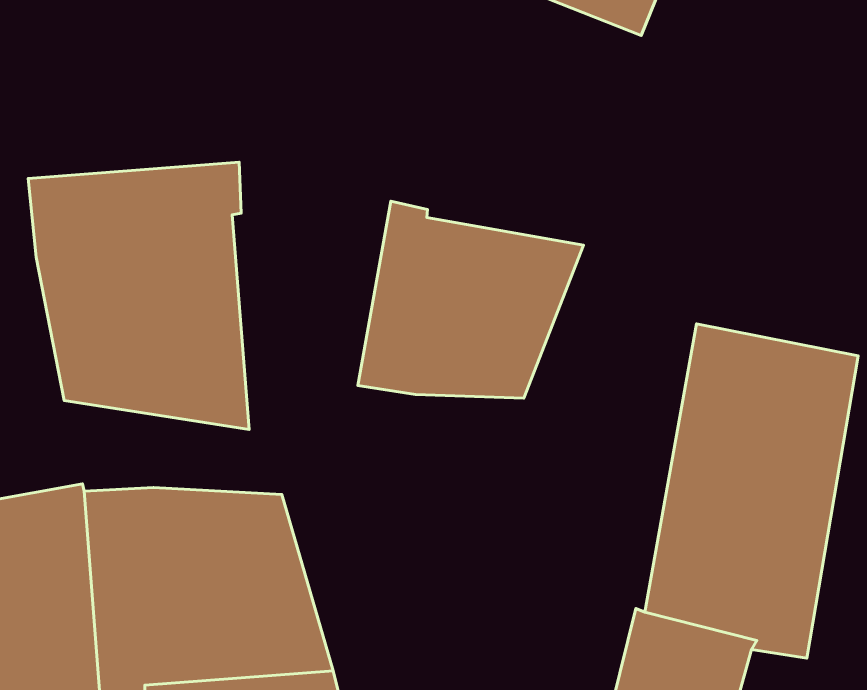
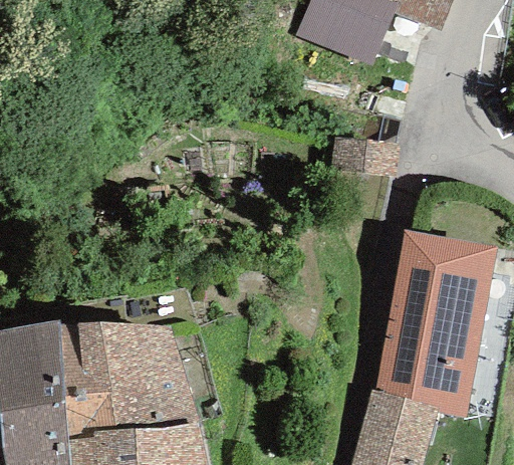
building: [28,162,249,430] -> none
building: [358,201,584,398] -> none

